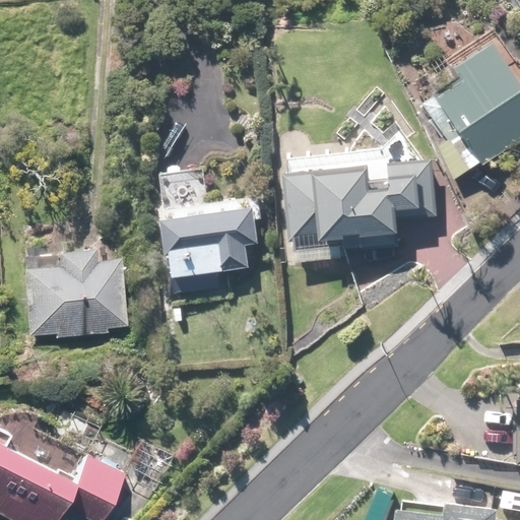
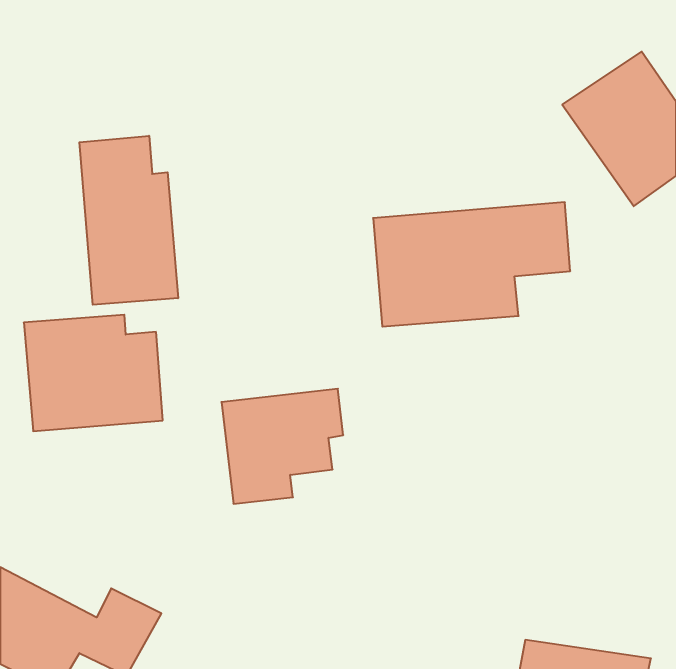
building: none -> [79,136,178,305]
building: [166,205,259,294] -> [221,389,343,504]

